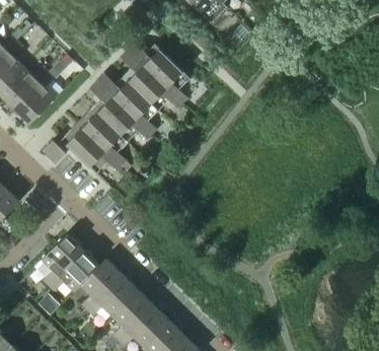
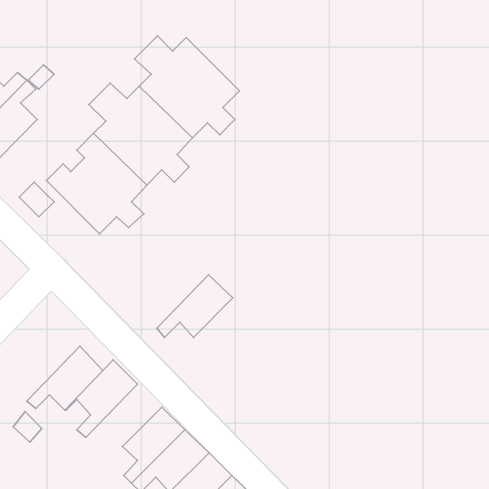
building: [41,234,83,286] -> none
building: [87,275,138,317] -> [157,275,233,337]

